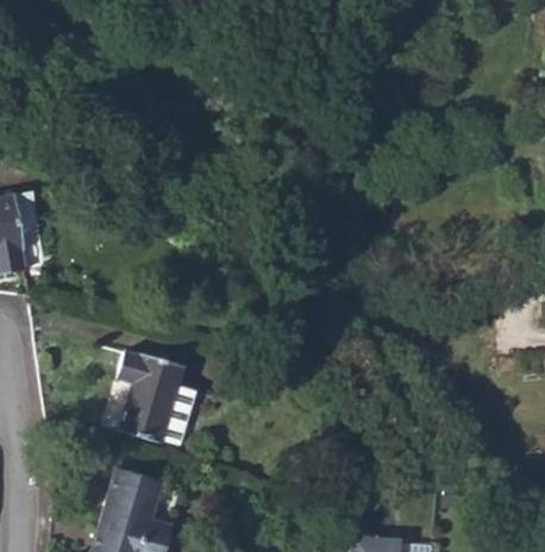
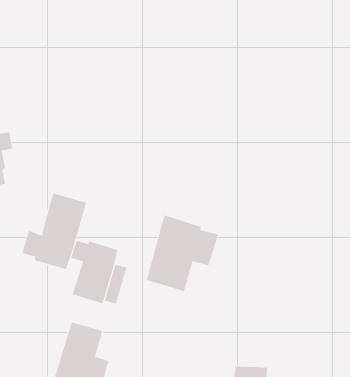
building: none -> [22,193,86,270]
building: none -> [146,214,219,292]

